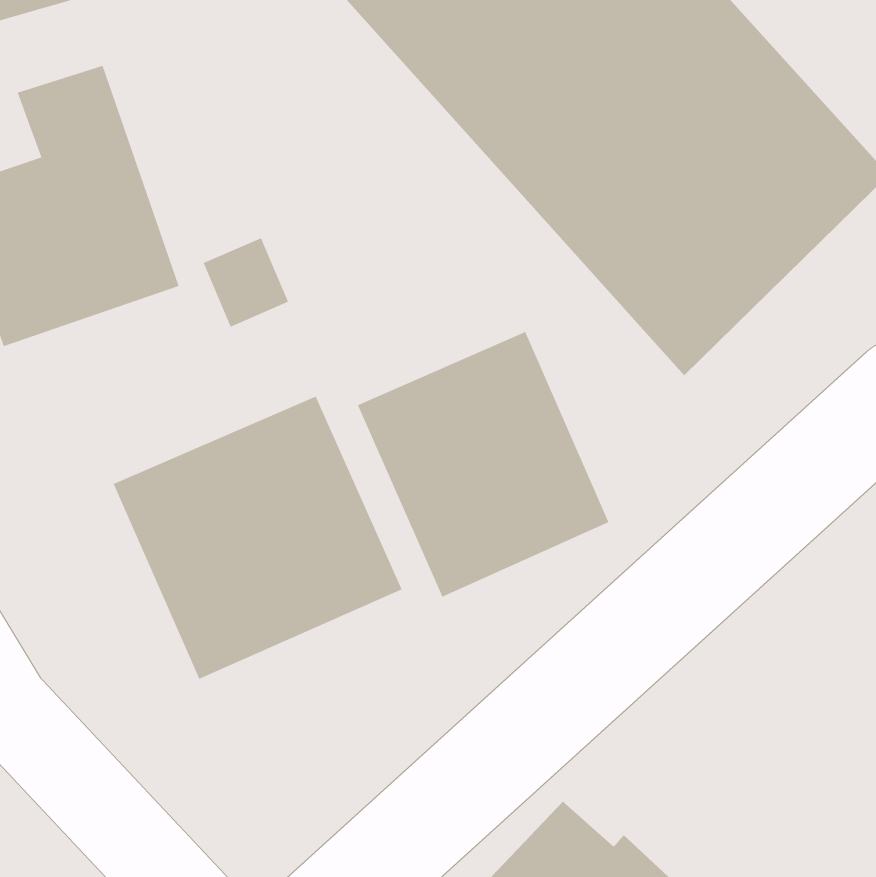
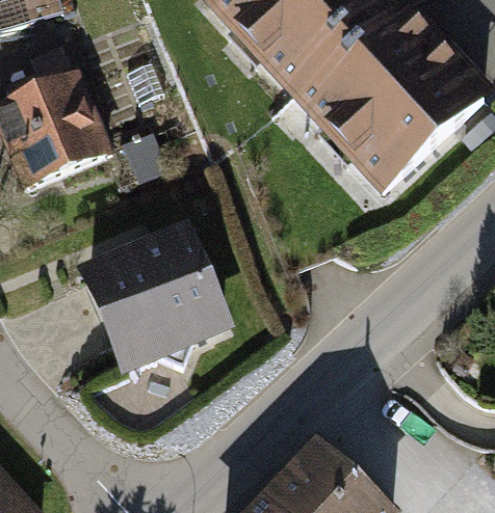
building: [357,331,609,598] -> none

